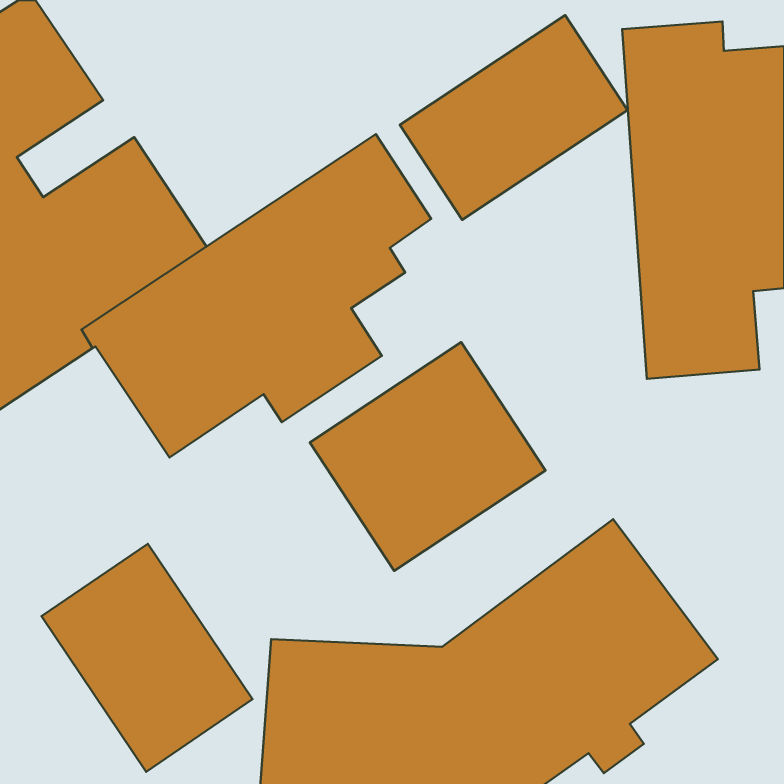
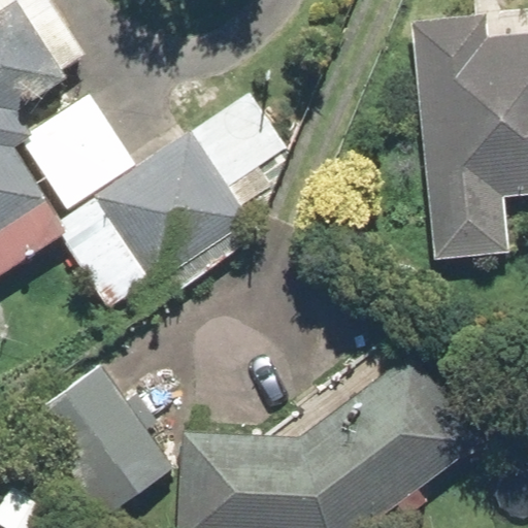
building: [400,15,627,220] -> none
building: [310,342,545,571] -> none

